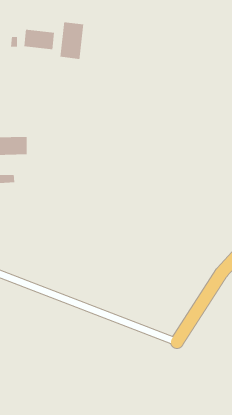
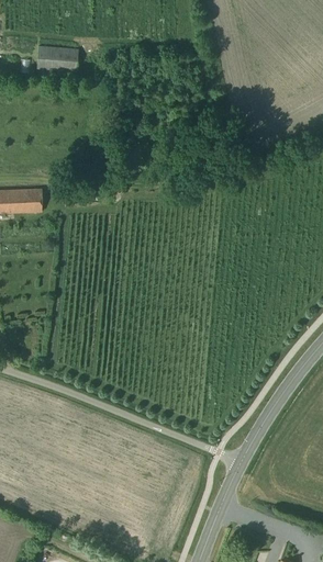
building: [60,21,84,60] -> none

